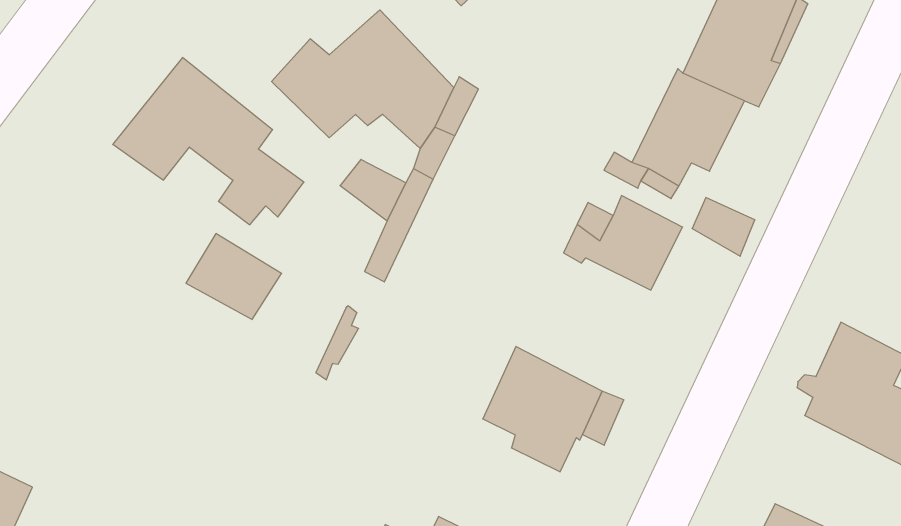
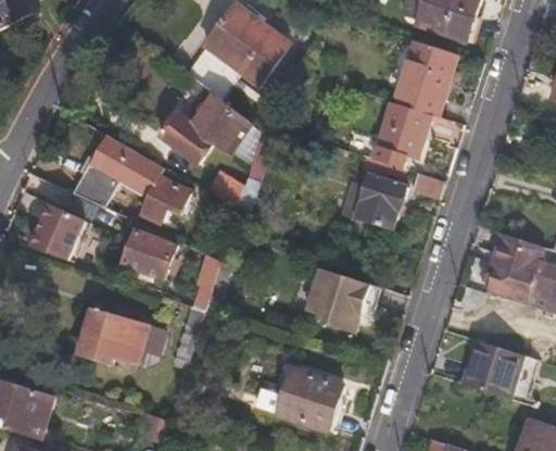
building: none -> [33,195,83,251]
building: none -> [83,311,156,367]

